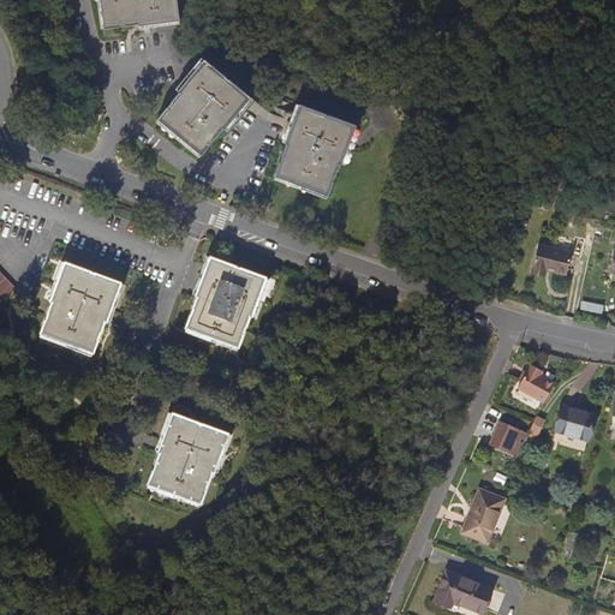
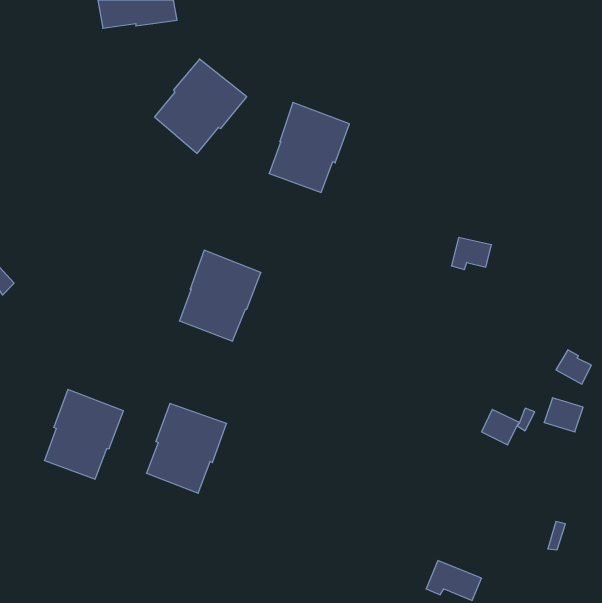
building: [530,245,571,277] -> [451,238,492,269]
building: [40,261,120,352] -> [44,390,123,479]
building: [517,366,553,401] -> [556,350,591,384]
building: [461,489,502,541] -> none

